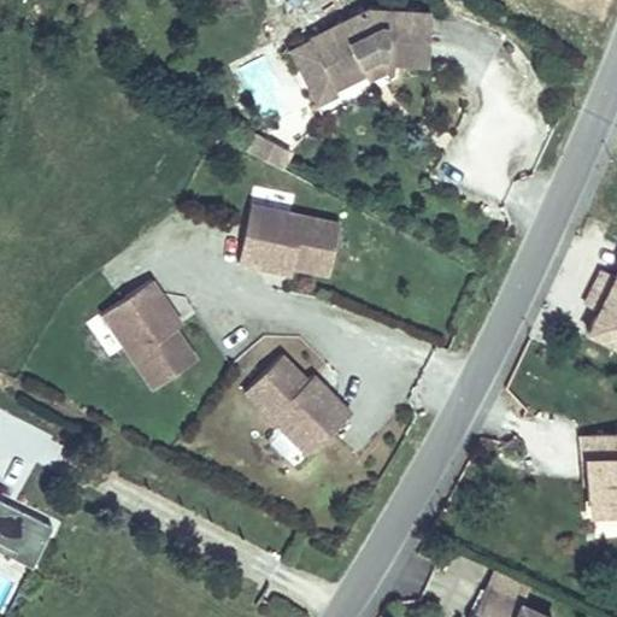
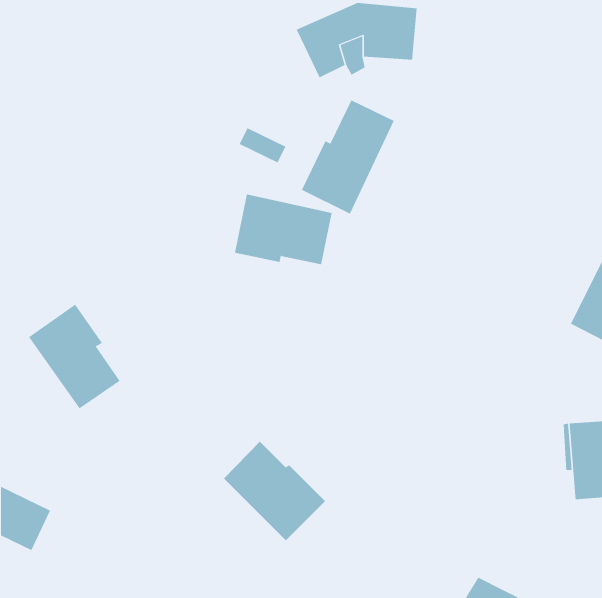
building: none -> [301,100,395,214]
building: [105,283,199,390] -> [28,304,120,409]
building: [247,354,352,457] -> [223,441,326,541]

